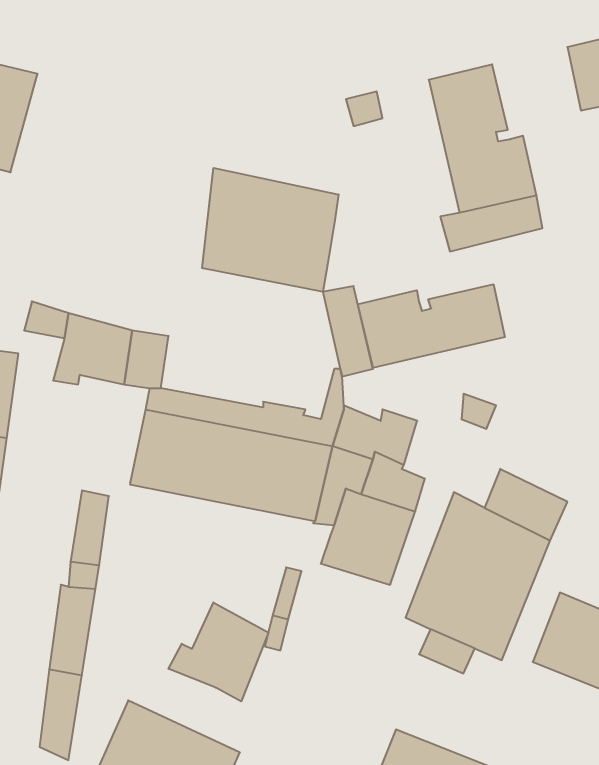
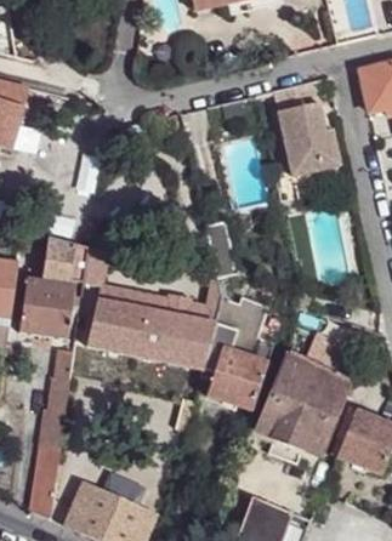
building: [202,168,339,292] -> none
building: [358,284,505,368] -> none
building: none -> [18,278,75,337]
building: [168,602,268,701] -> none

